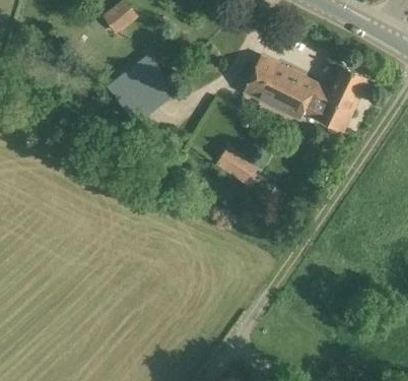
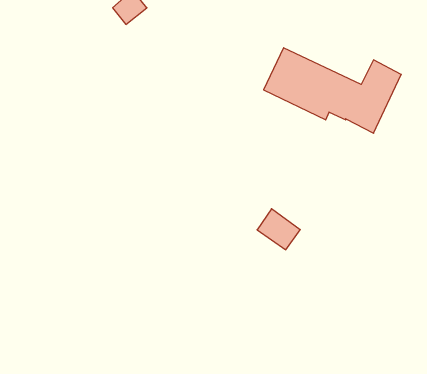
building: [107,54,177,123] -> none
building: [217,144,257,182] -> [257,209,300,250]

